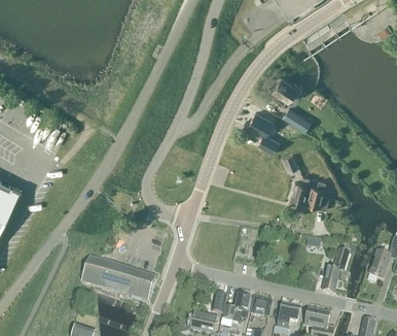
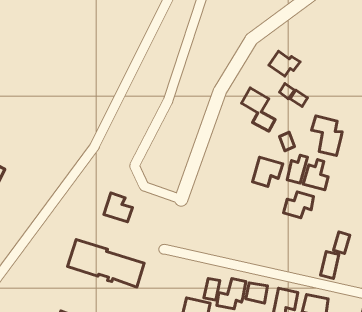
building: none -> [312,116,342,155]
building: none -> [253,157,283,187]
building: none -> [284,192,313,218]
building: none -> [104,193,133,222]

